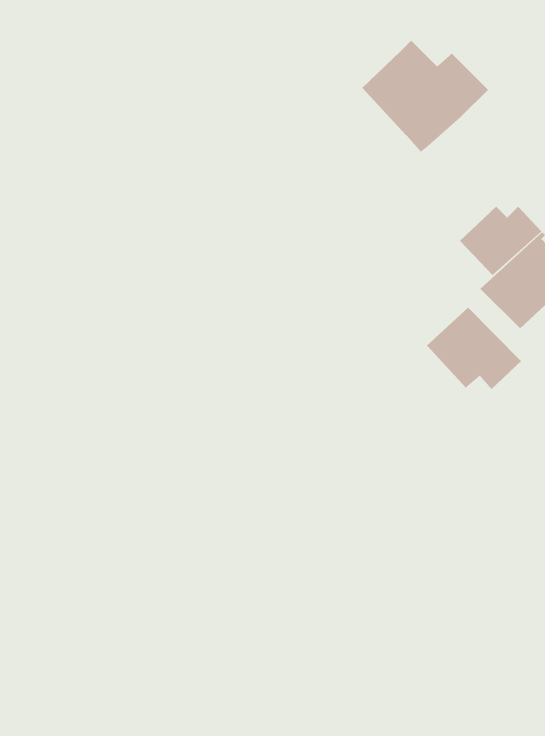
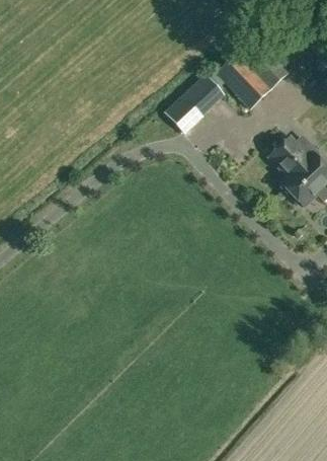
building: none -> [170,75,223,129]
building: [426,307,522,390] -> none

